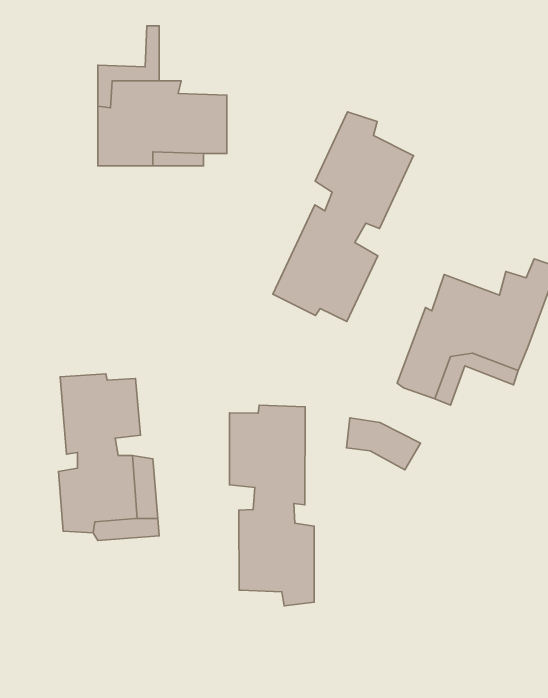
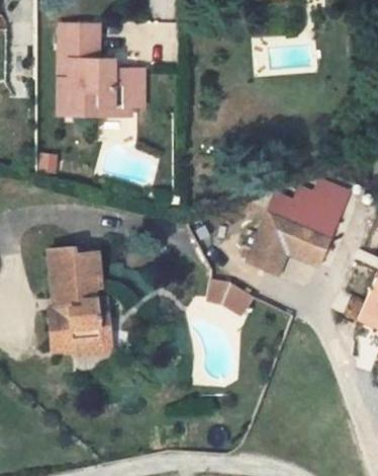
building: none -> [69,24,100,53]
building: [273,112,413,321] -> none
building: [229,405,314,606] -> none

